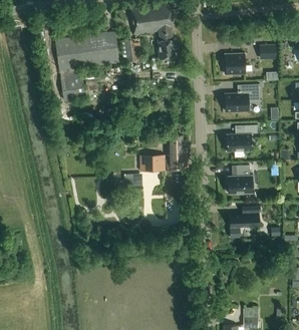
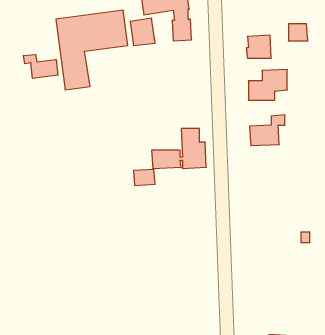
building: none -> [23,54,58,78]
building: [227,164,254,193] -> none
building: [229,205,259,237] -> none

